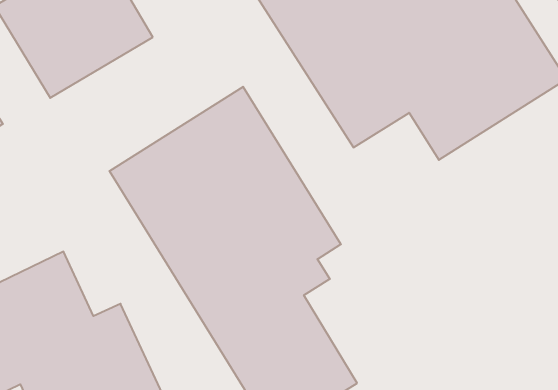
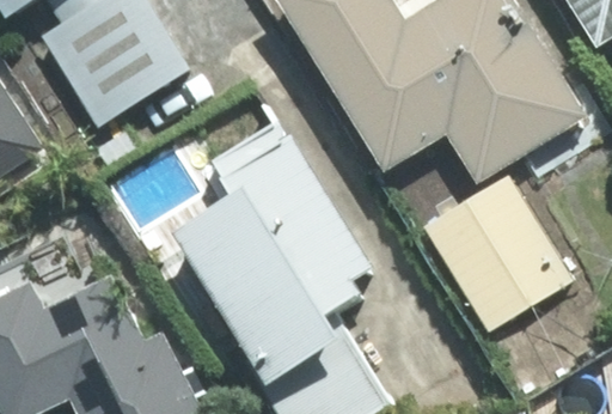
building: none -> [421,169,571,330]

